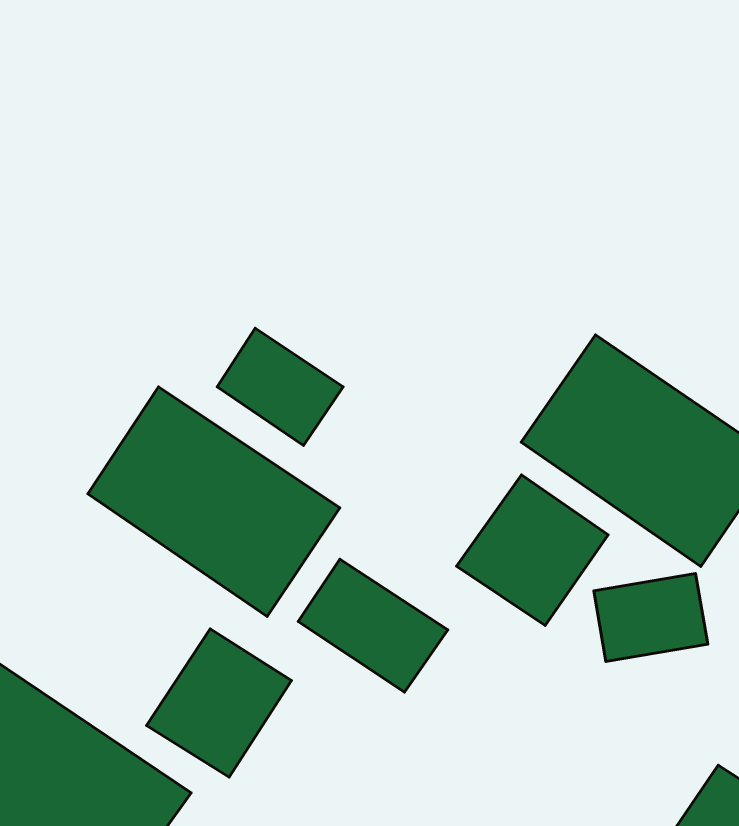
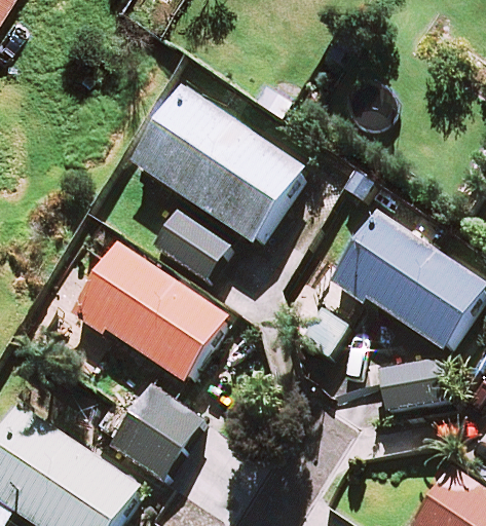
building: none -> [135,88,304,243]
building: [457,475,608,626] -> none
building: [298,559,448,692] -> none

